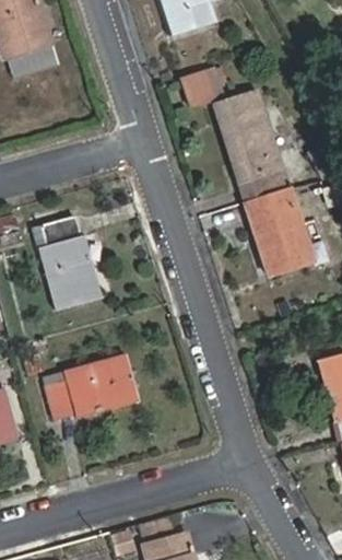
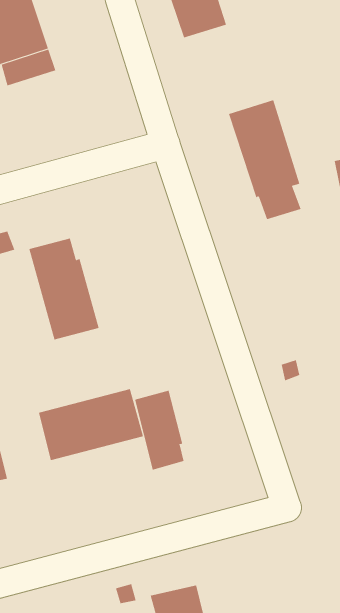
building: [179,67,226,108] -> none
building: [250,191,312,271] -> none
building: none -> [134,390,184,470]

